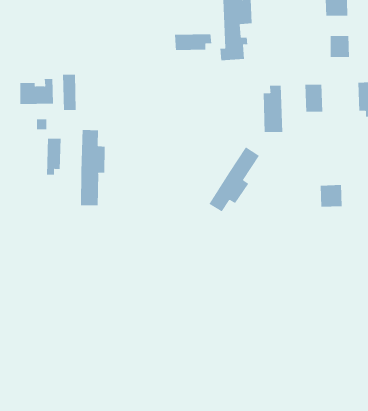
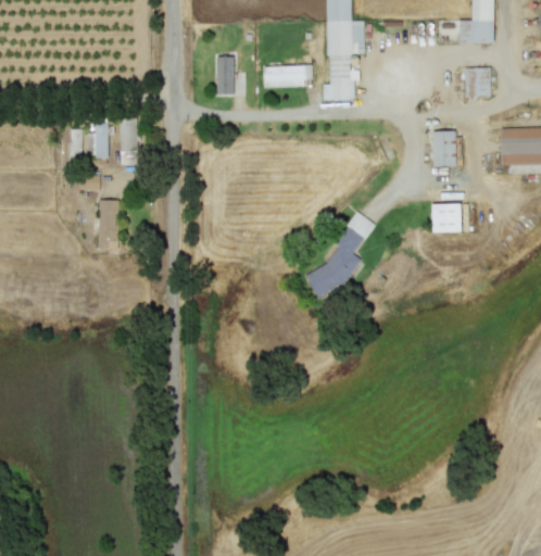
building: none -> [216,56,234,96]
building: [263,85,283,133] -> none
building: [80,129,105,206] -> none
building: [320,185,343,207] -> [432,204,462,233]

